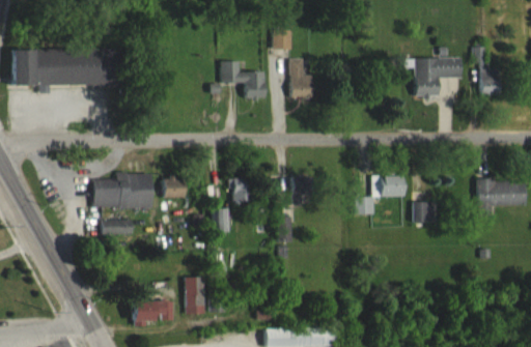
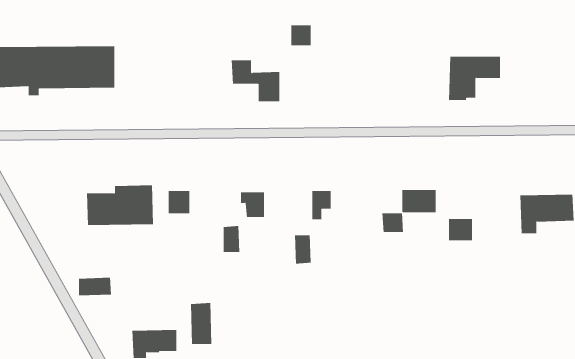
building: [473,47,500,95] -> none
building: [290,58,312,98] -> none
building: [103,219,133,235] -> [78,277,112,296]

